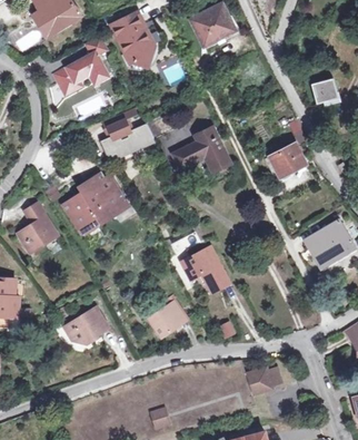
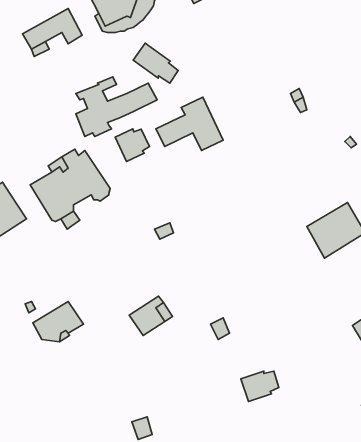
building: [307,74,337,104] -> none
building: none -> [133,43,178,83]
building: [266,143,306,177] -> none
building: none -> [115,129,150,161]
building: [181,247,230,295] -> none

